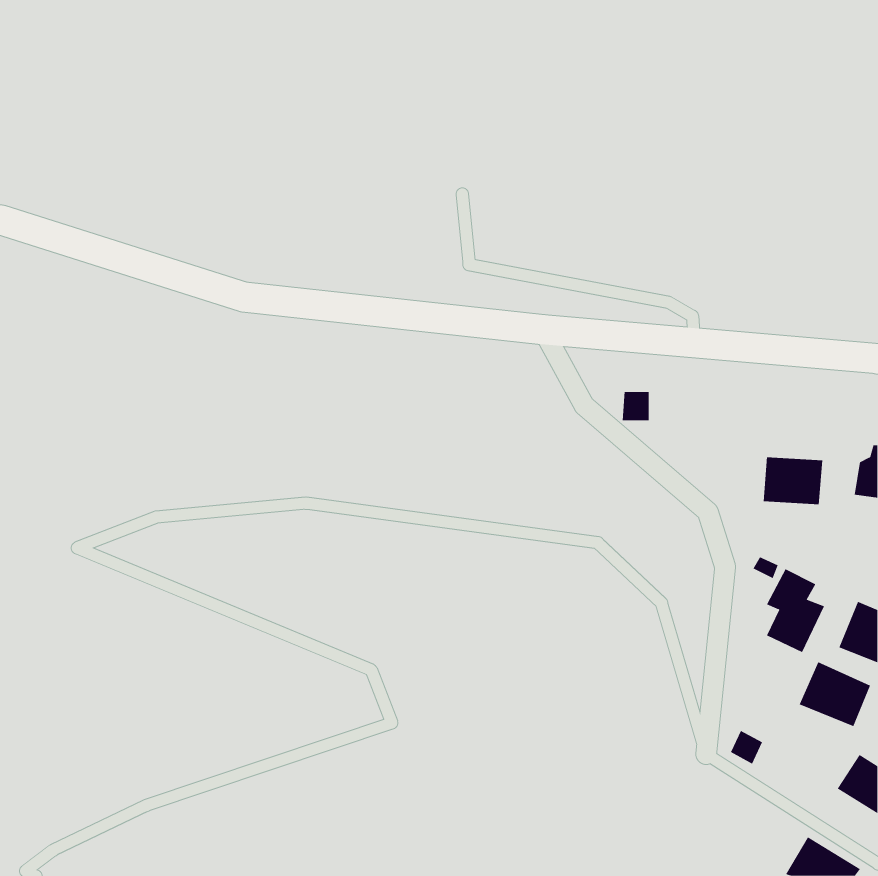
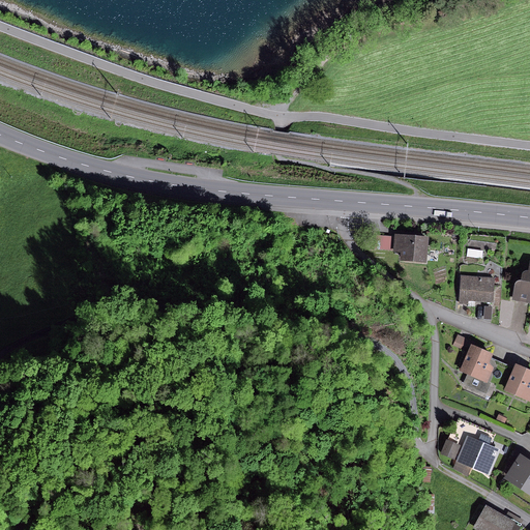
building: none -> [393,235,429,262]
building: [799,662,871,727] -> [458,434,501,473]

